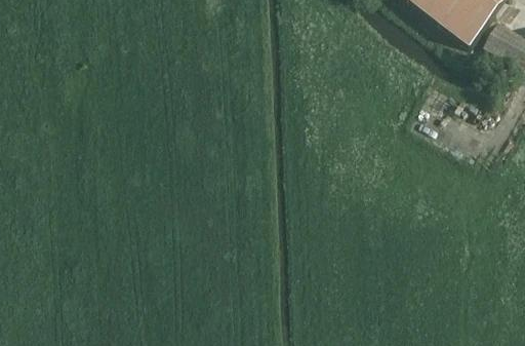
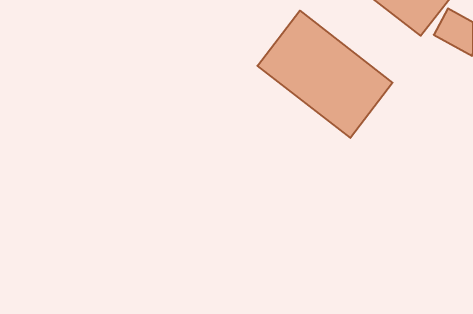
building: none -> [257,11,393,138]

